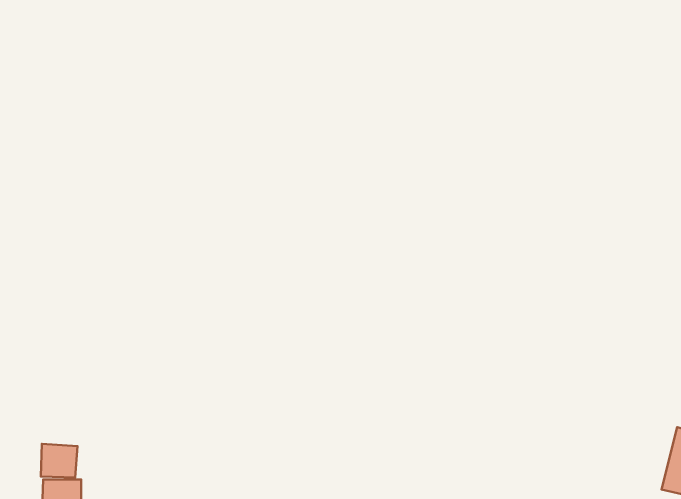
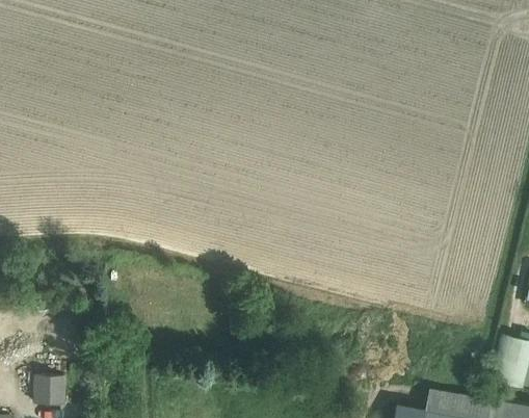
building: [41,444,77,478] -> none

